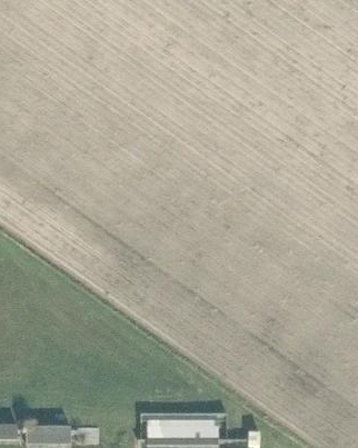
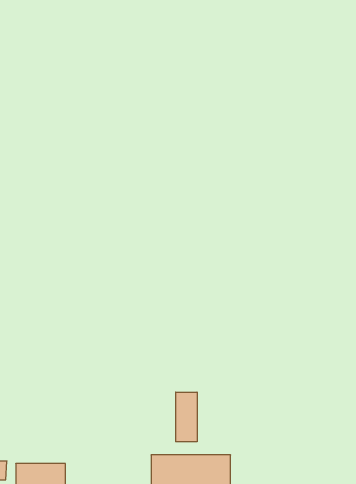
building: none -> [176,392,197,442]

